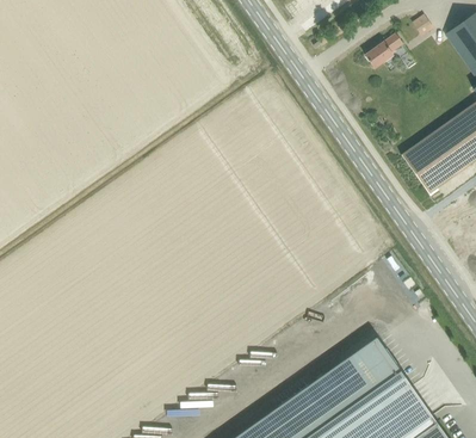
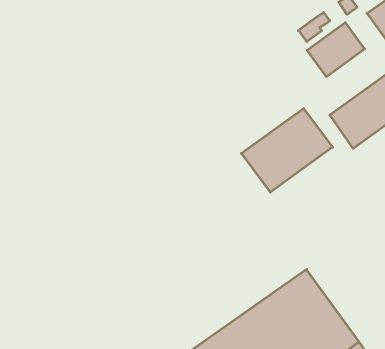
building: none -> [307,23,365,77]
building: none -> [241,108,333,192]

